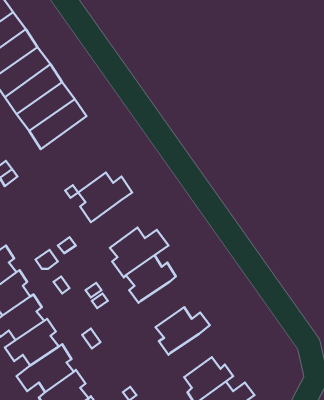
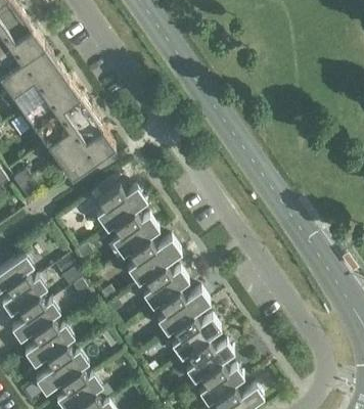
building: none -> [57,129,113,178]
building: none -> [108,210,157,258]
building: none -> [153,288,209,334]
building: none -> [182,338,233,382]

